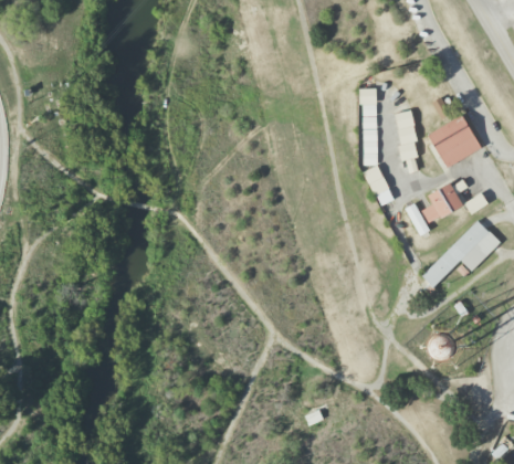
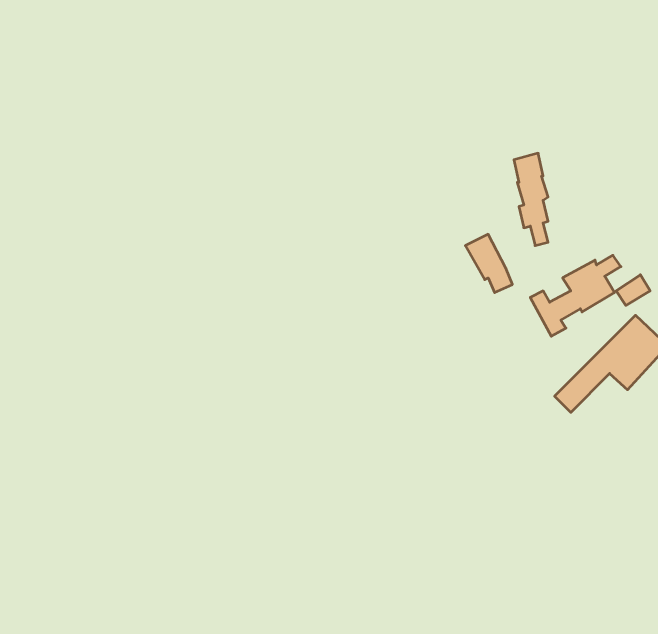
building: [359,88,377,166] -> none
building: [428,115,481,168] -> none

